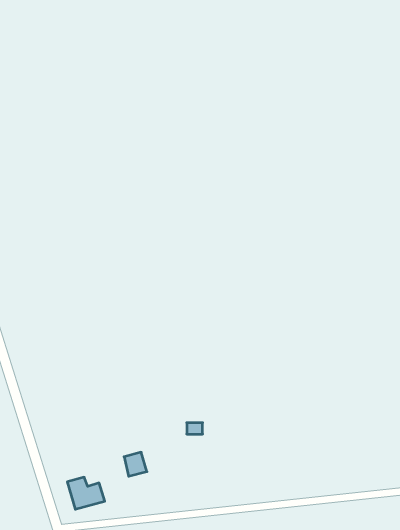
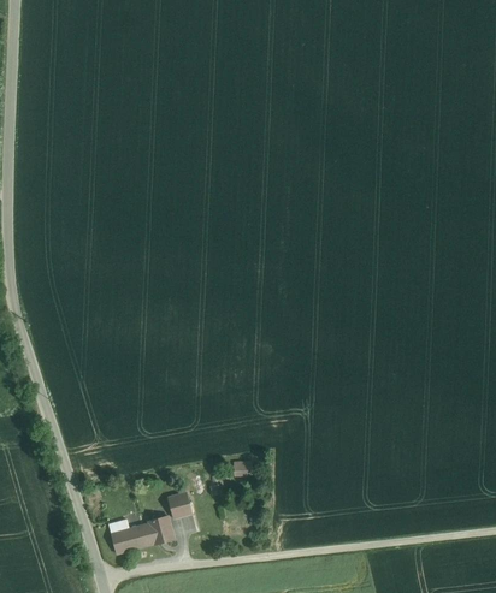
building: none -> [141,516,173,545]

